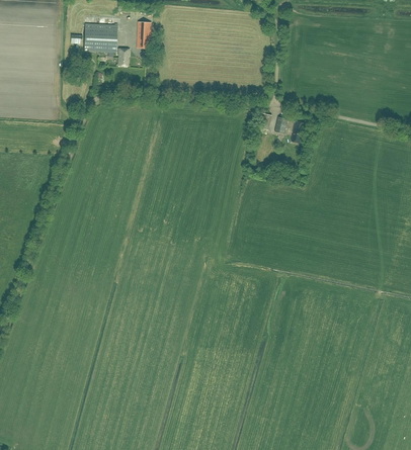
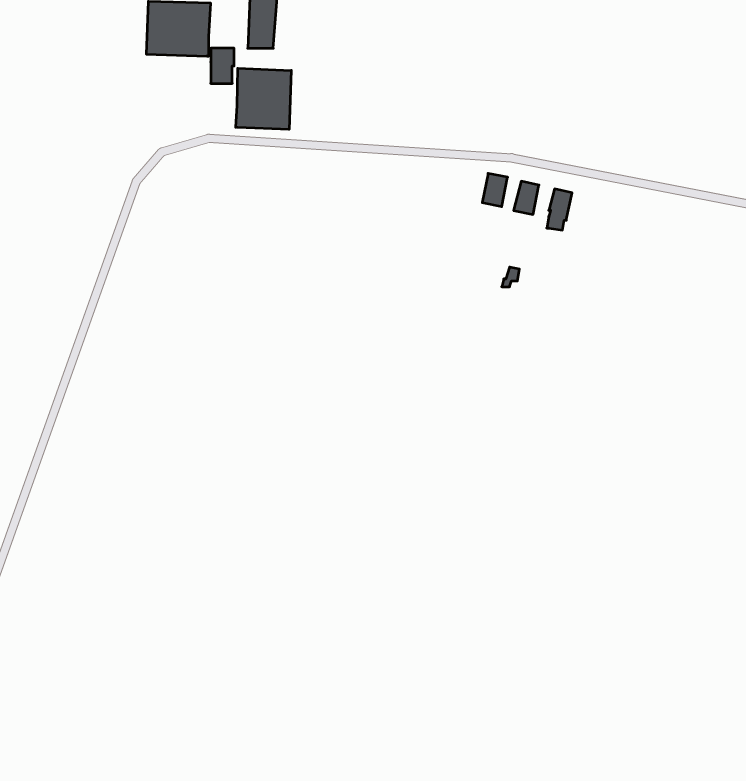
building: none -> [236,68,291,129]

